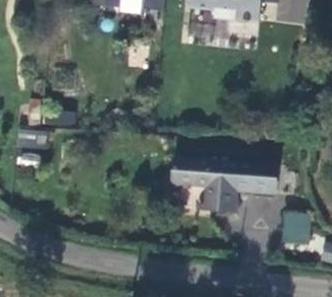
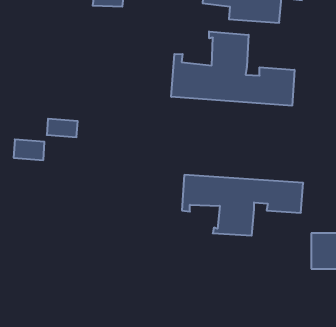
building: none -> [171,31,294,106]

